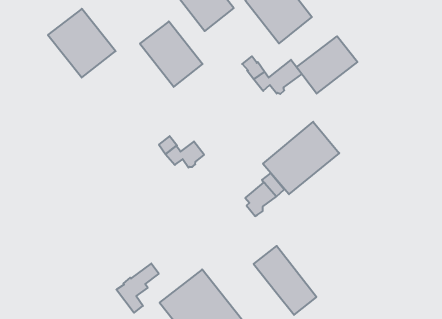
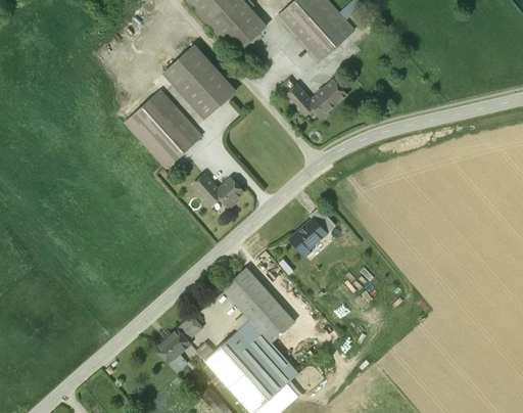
building: [48,9,116,78] -> [125,91,201,168]
building: [296,36,357,94] -> none
building: [263,122,339,194] -> none
building: [254,246,316,315] -> [222,268,294,343]

